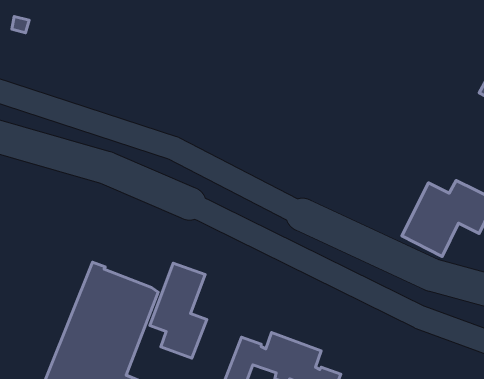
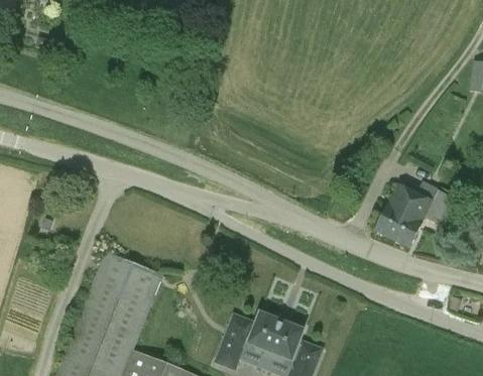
building: [150,263,207,358] -> none

